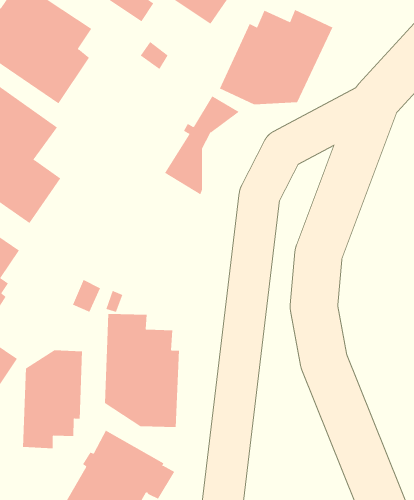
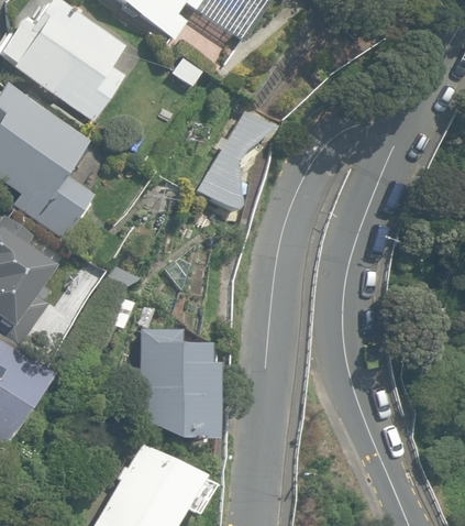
building: [219,9,333,105] -> none
building: [22,350,82,449] -> none

